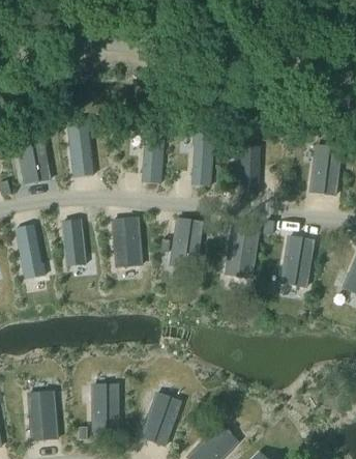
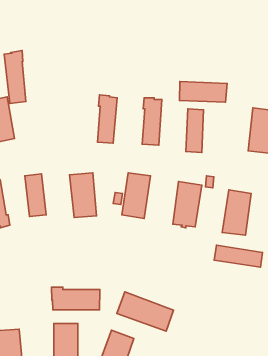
building: none -> [179,82,227,102]
building: [68,118,92,177] -> [4,50,26,103]
building: none -> [214,245,263,267]
building: none -> [52,287,100,310]
building: none -> [117,292,173,331]

